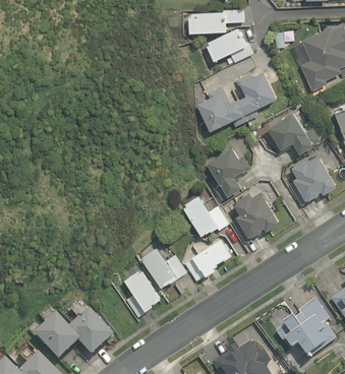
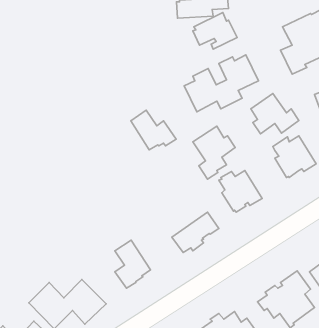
building: [181,194,229,236] -> [131,110,176,150]
building: [139,247,186,288] -> none

